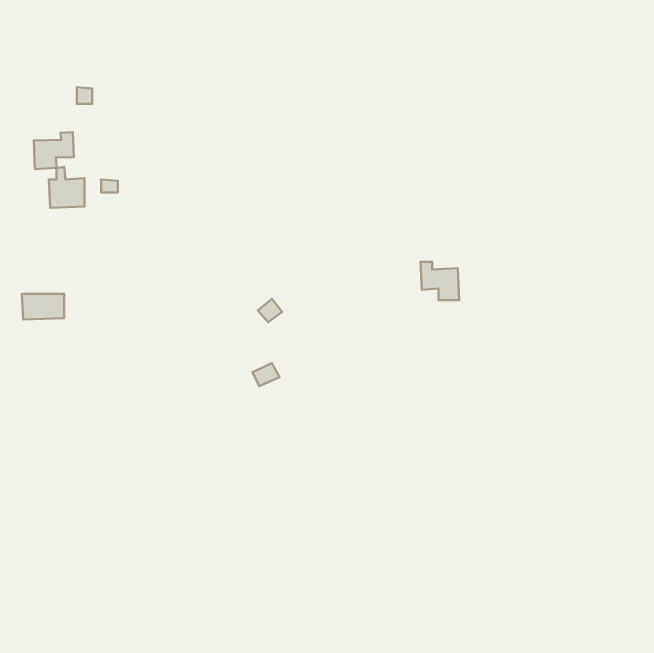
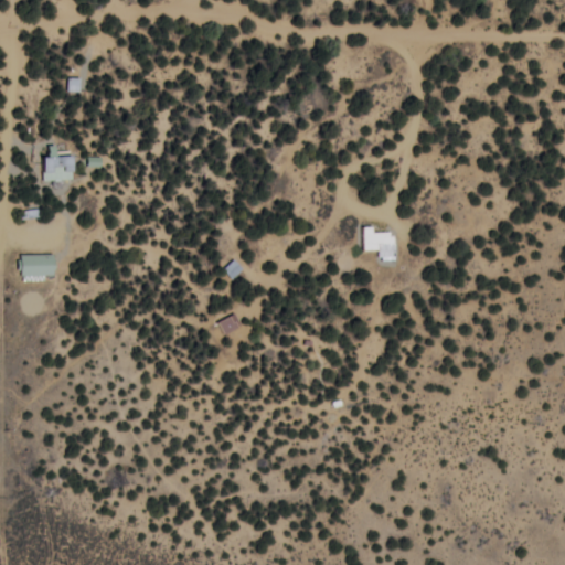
building: [34,132,74,169] -> none

